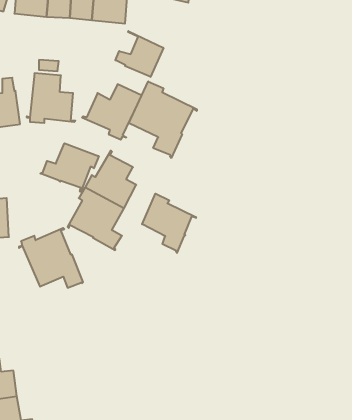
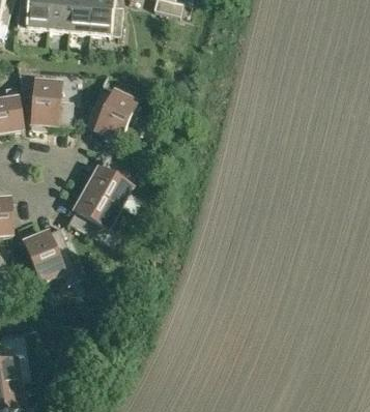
building: [115,31,163,77] -> none
building: [129,81,197,158] -> none
building: [40,143,99,192] -> none
building: [142,194,196,253] -> none

